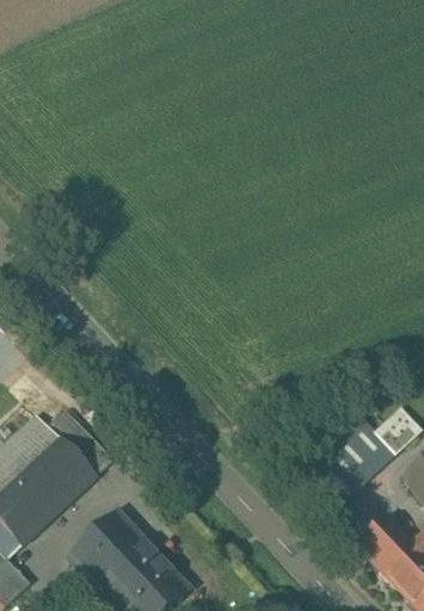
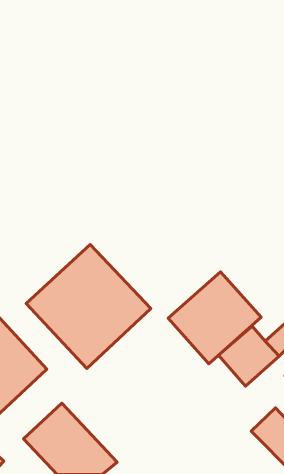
building: none -> [26,244,151,369]
building: none -> [168,272,261,364]

